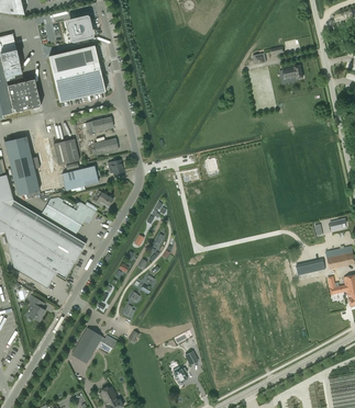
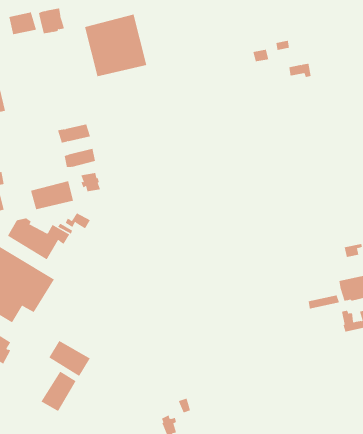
building: [51,46,104,100] -> [84,14,147,77]
building: [53,138,79,165] -> none
building: none -> [48,340,90,377]

